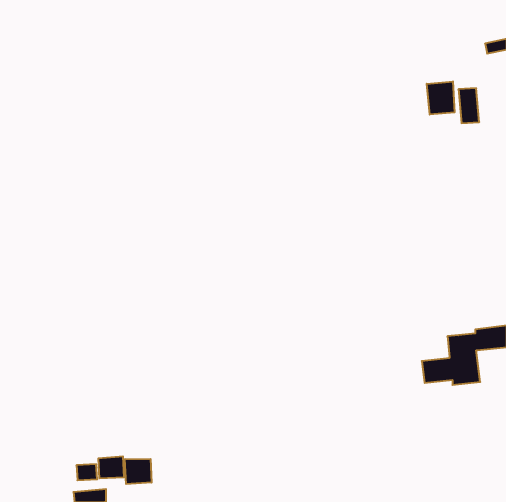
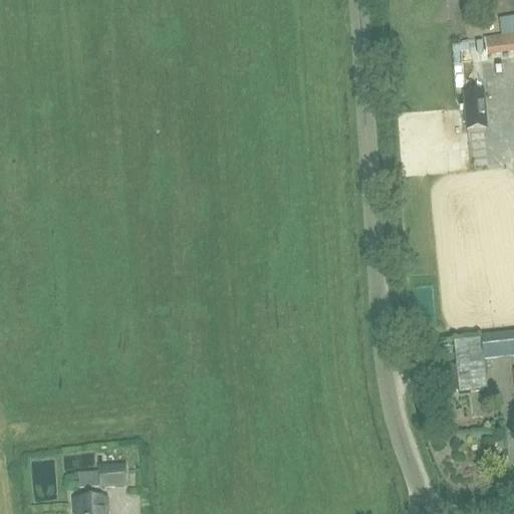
building: [427,81,455,115] -> none
building: [125,459,152,484] -> none

